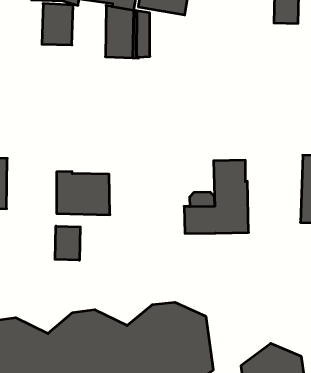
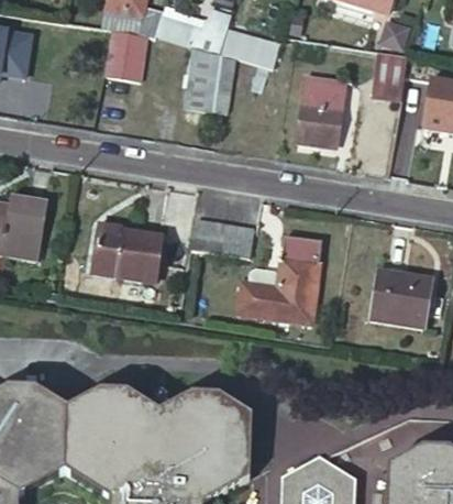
building: none -> [294,72,339,150]
building: none -> [192,221,254,260]
building: [55,226,80,260] -> none

